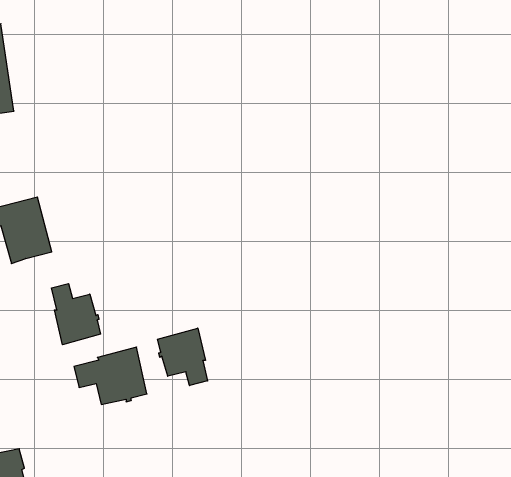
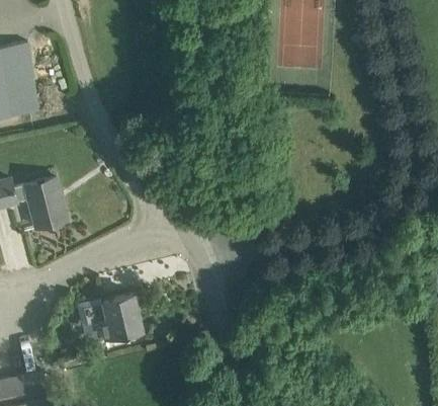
building: [52,284,100,345] -> none
building: [158,328,208,386] -> none

